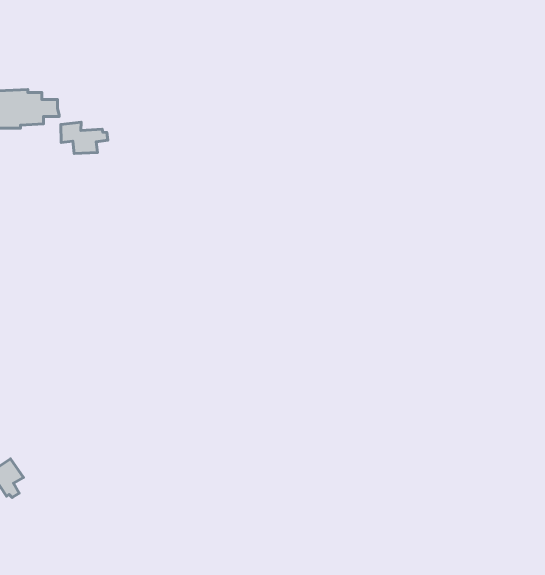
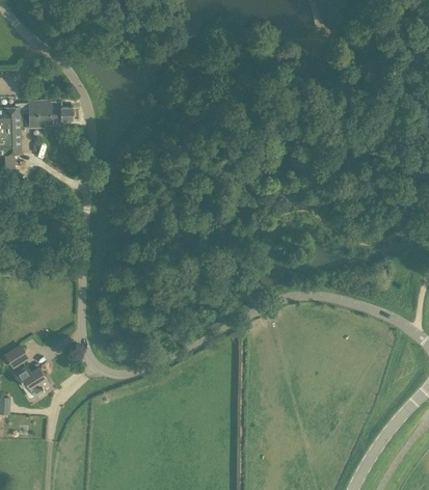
building: [61,122,108,153] -> none

